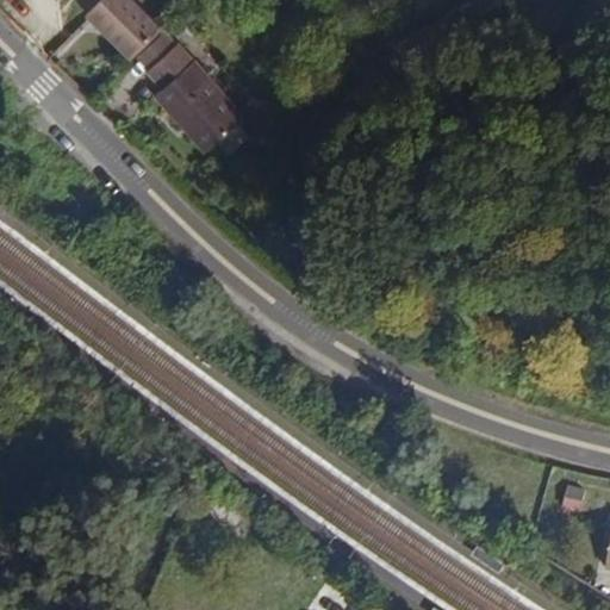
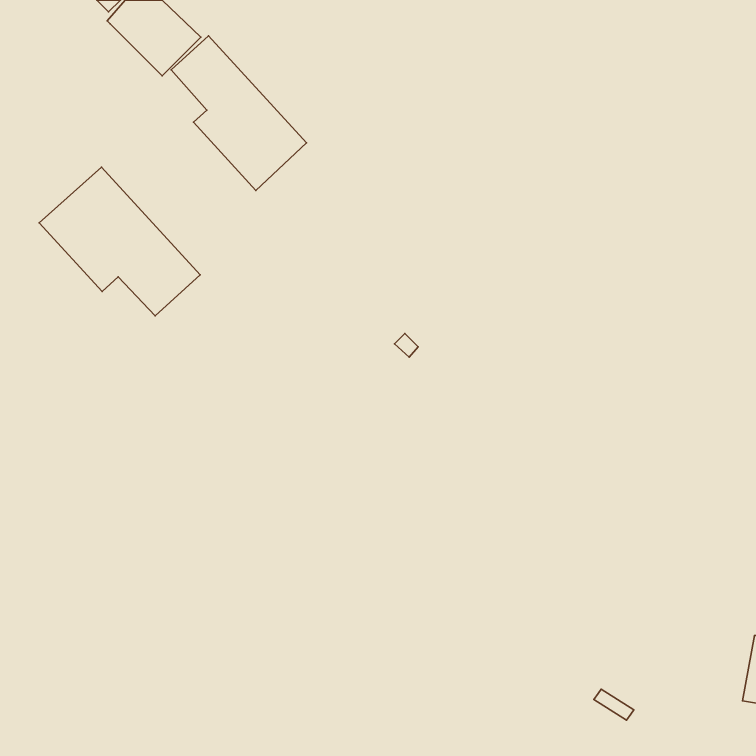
building: none -> [39,167,200,316]

